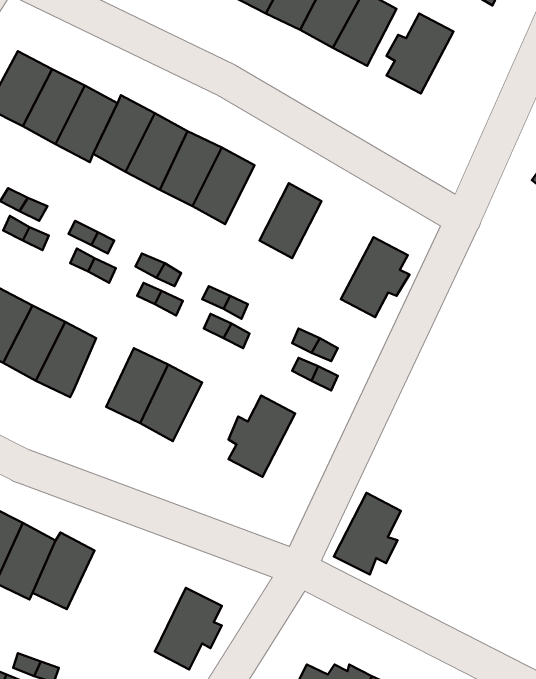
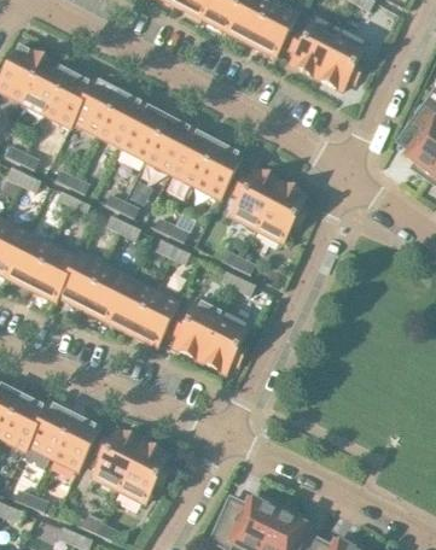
building: none -> [315,30,365,89]
building: none -> [170,129,217,185]
building: none -> [231,168,280,228]
building: none -> [58,251,103,308]
building: none -> [132,289,179,345]
building: [334,493,401,575] -> [198,312,248,373]
building: none -> [53,414,99,470]
building: none -> [92,428,141,488]

